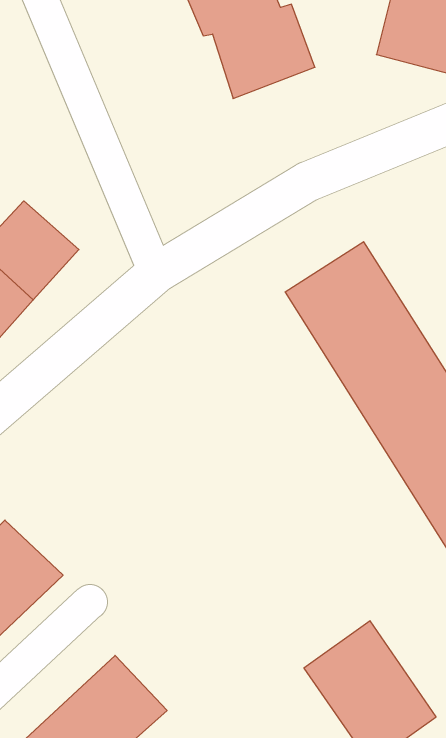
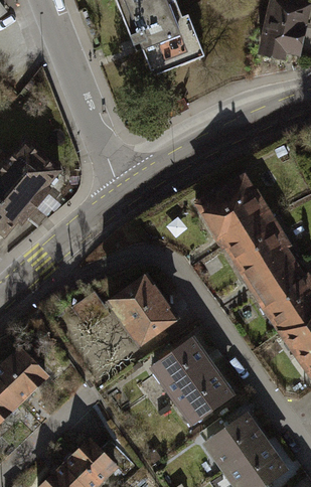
building: none -> [108,271,185,350]
building: none -> [151,335,237,426]

